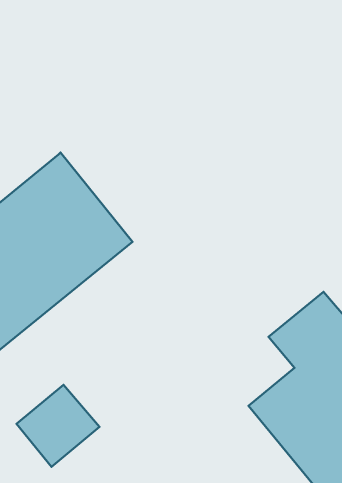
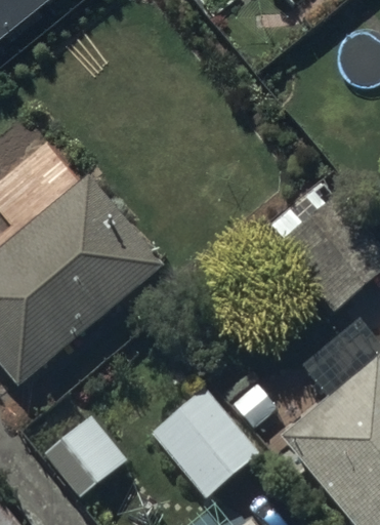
building: none -> [151,385,259,497]

